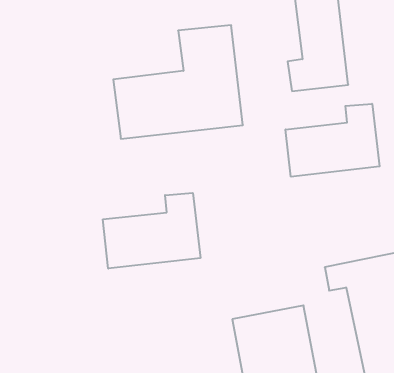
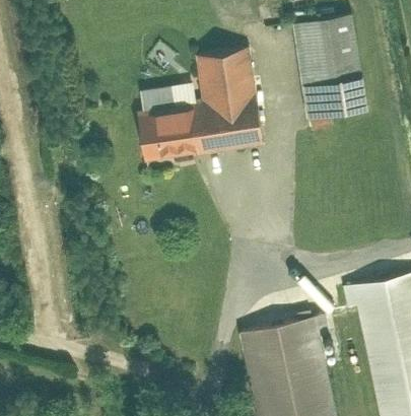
building: [286,104,380,177] -> none
building: [103,193,200,269] -> none

